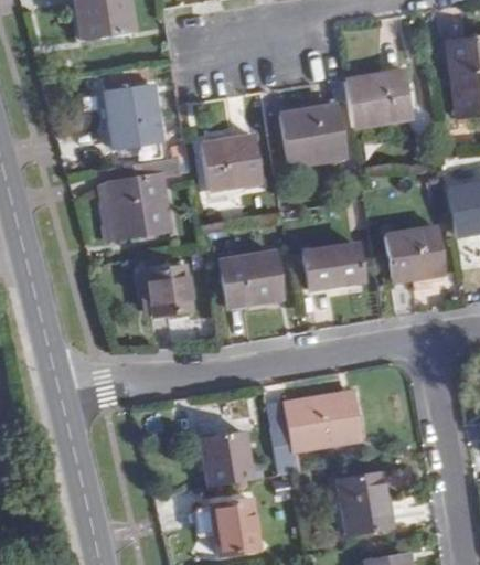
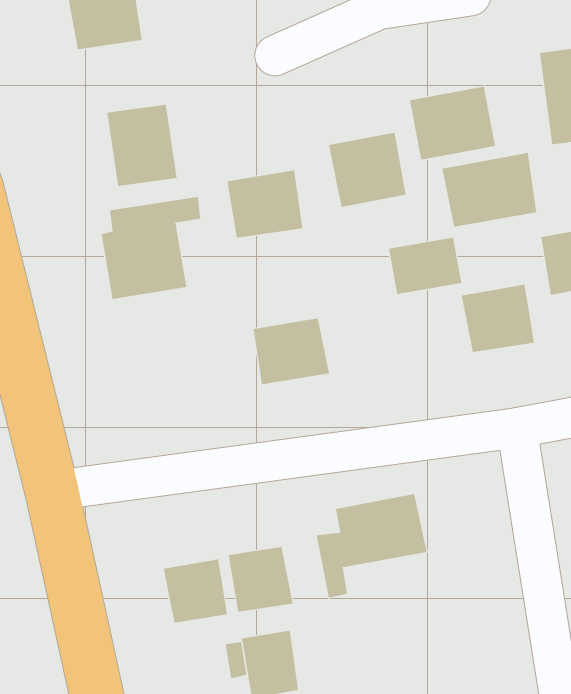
building: none -> [442,152,537,228]
building: [305,244,363,289] -> [388,237,462,294]
building: [148,267,193,315] -> none
building: none -> [163,559,228,624]
building: [339,472,393,532] -> none

